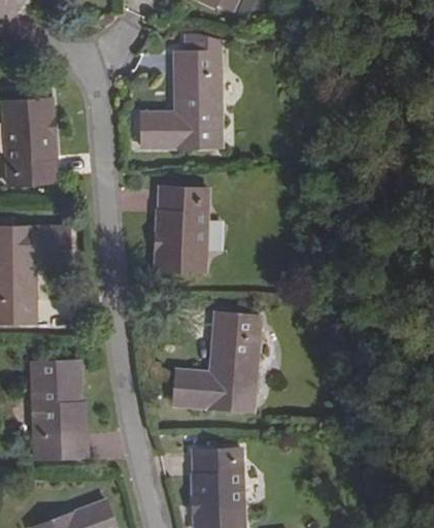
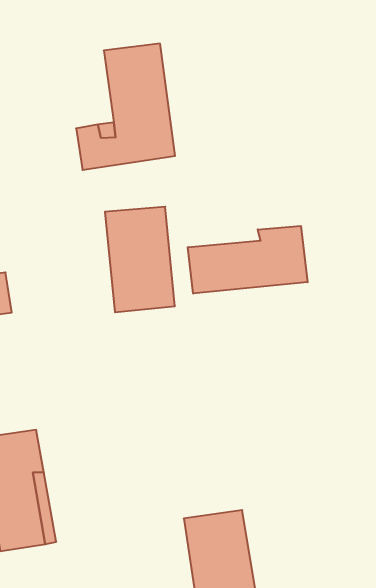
building: none -> [188,226,308,294]
building: [173,312,261,411] -> none

